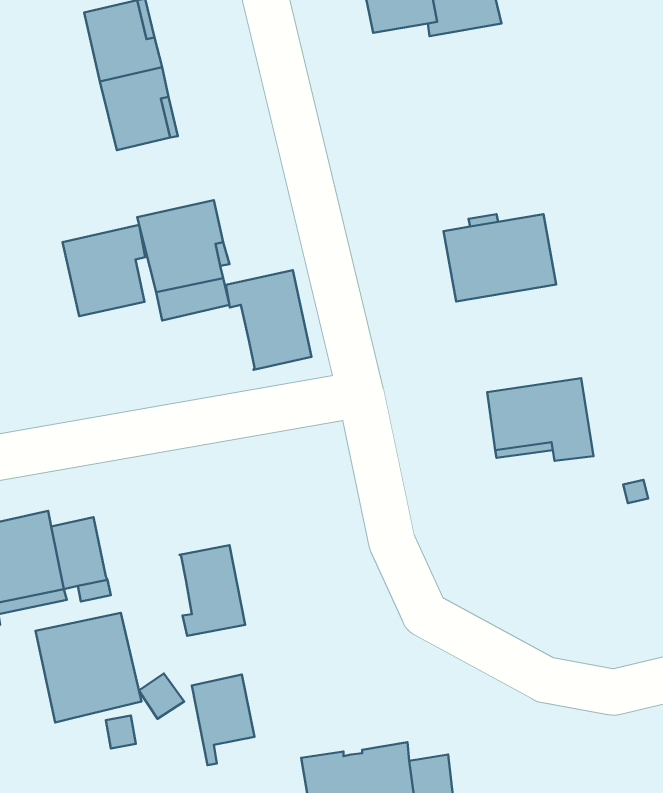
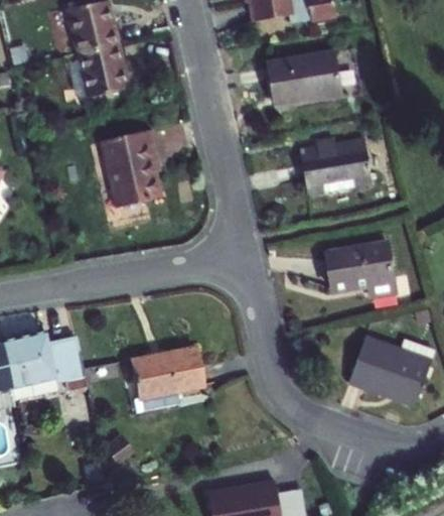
building: none -> [267,51,340,106]
building: [63,225,145,316] -> none
building: [226,270,312,370] -> none
building: none -> [348,339,430,405]
building: [36,613,141,722] -> none
building: [192,674,254,765] -> [160,346,200,404]

